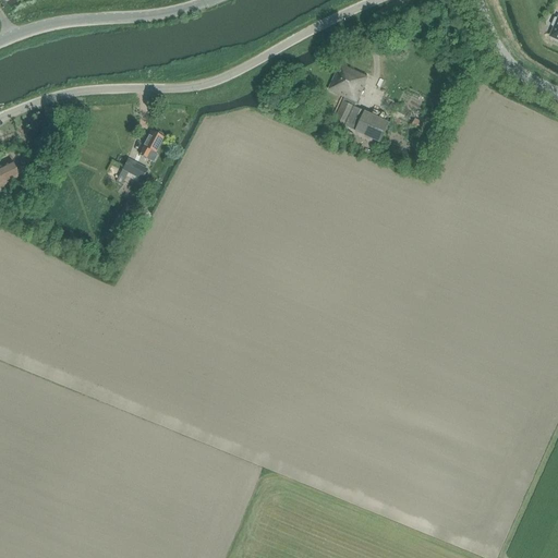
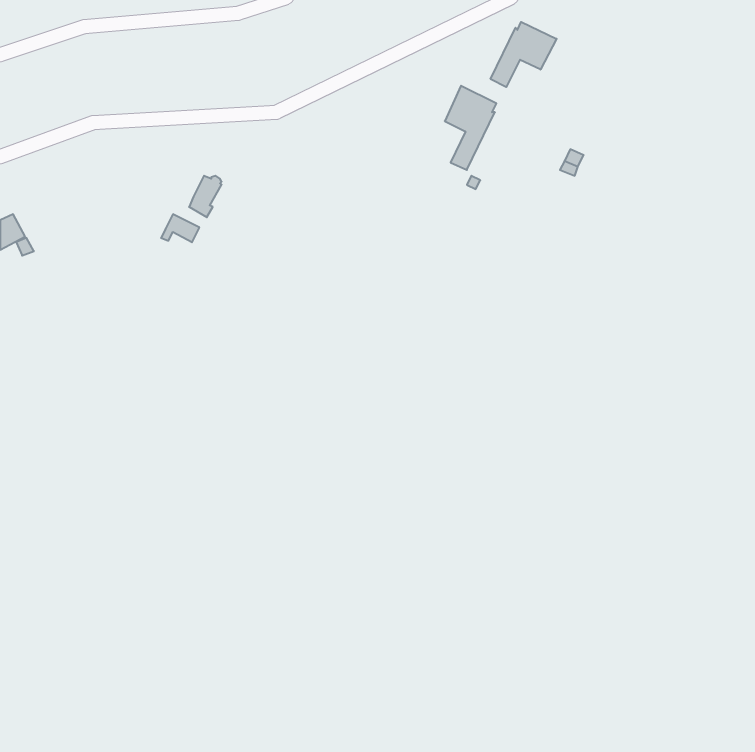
building: none -> [491,22,557,87]
building: [355,109,389,141] -> none

